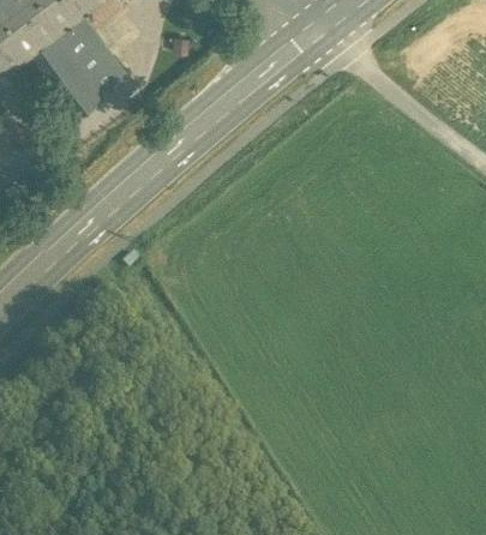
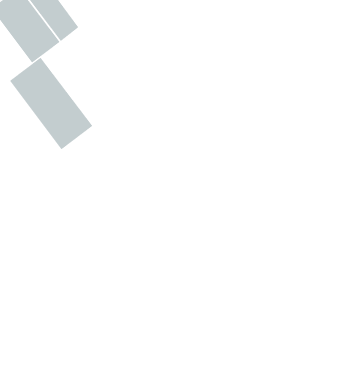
building: none -> [9,57,93,150]

